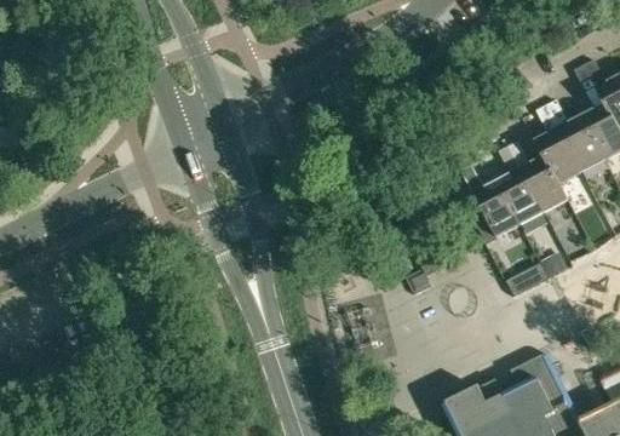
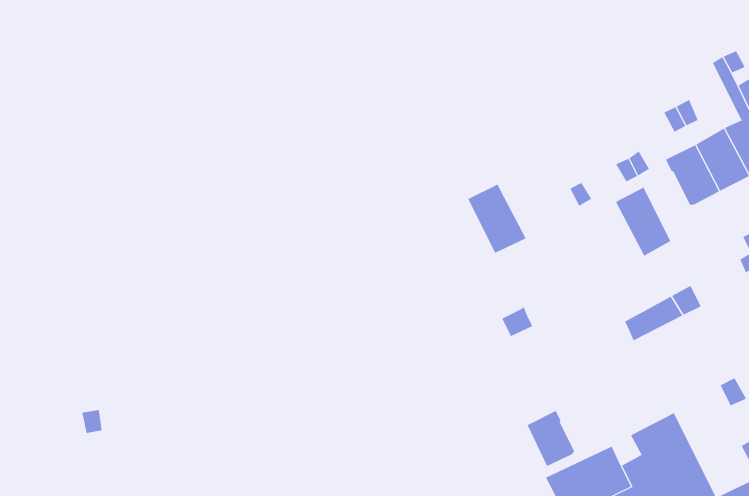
building: [522,157,569,213] -> none
building: [475,182,522,237] -> [467,184,527,253]
building: none -> [527,410,575,467]

